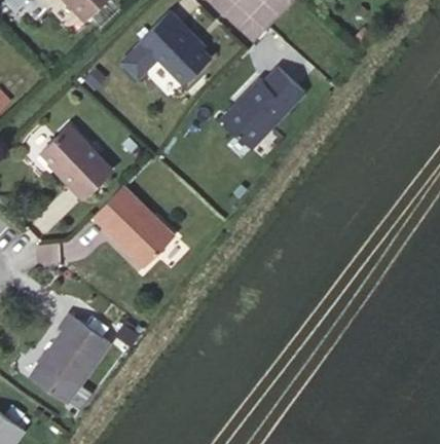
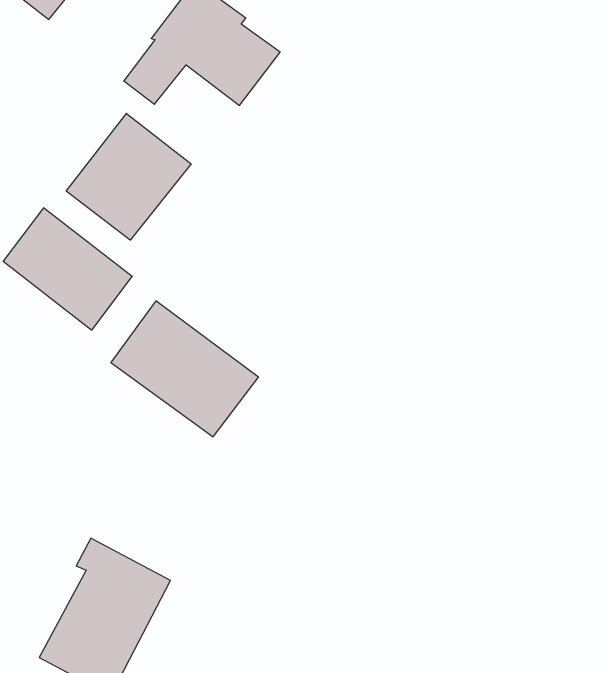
building: [220,68,304,149] -> none
building: none -> [66,113,191,240]

